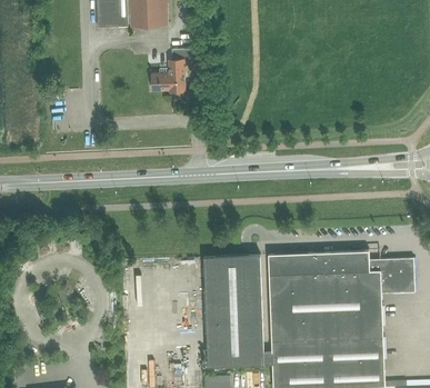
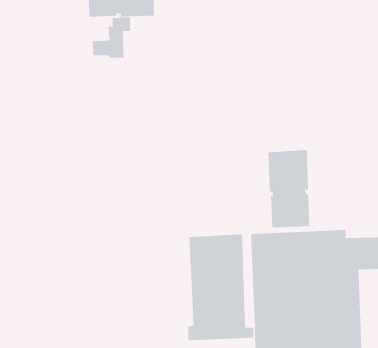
building: [152,50,193,93] -> [92,17,131,58]
building: none -> [268,149,310,228]

